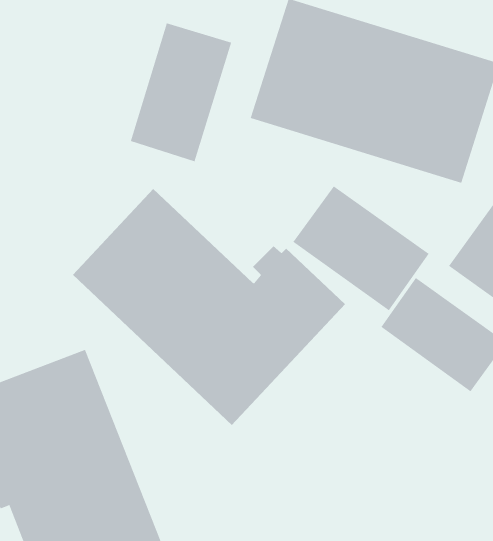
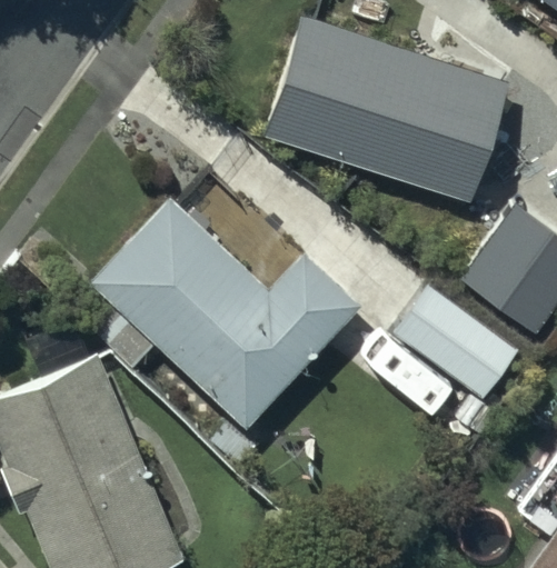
building: [130,22,232,162] -> none
building: [293,186,430,311] -> none

